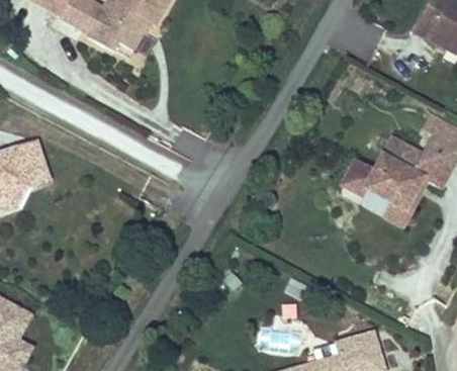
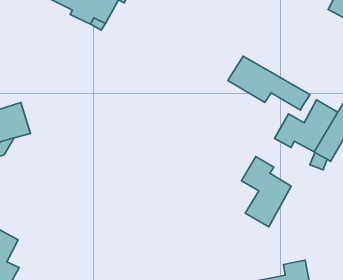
building: none -> [228,56,310,110]
building: none -> [241,156,291,227]

